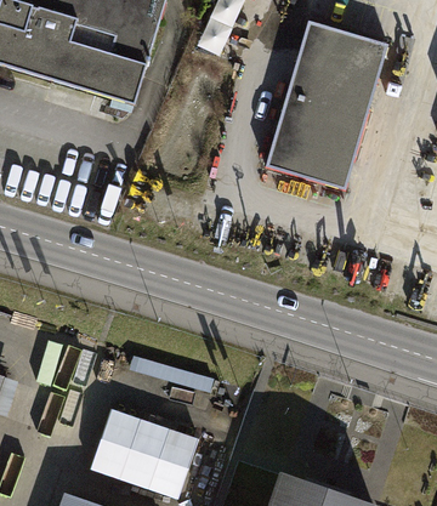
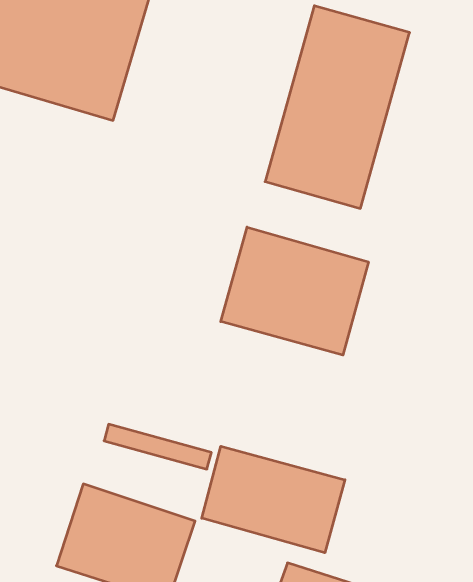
building: none -> [221,227,368,355]
building: none -> [202,446,345,553]

